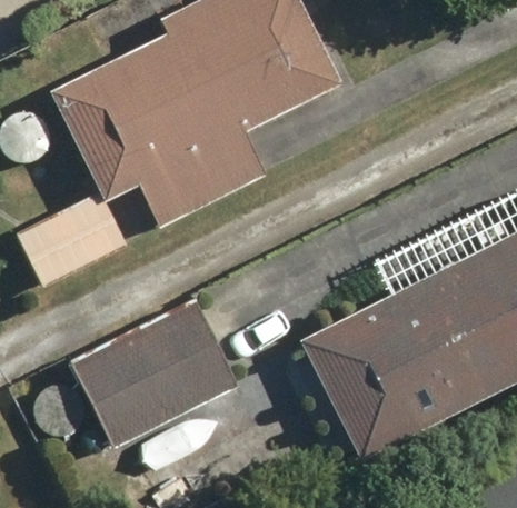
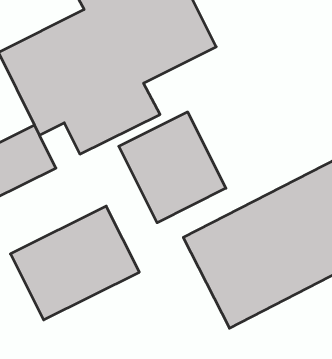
building: none -> [119,112,226,223]

